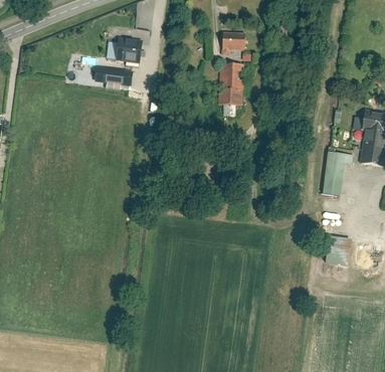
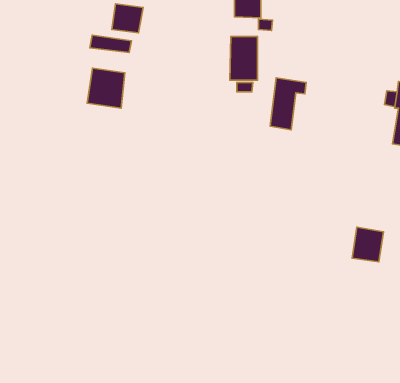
building: none -> [87,68,125,108]
building: [323,150,354,195] -> [270,78,306,130]

